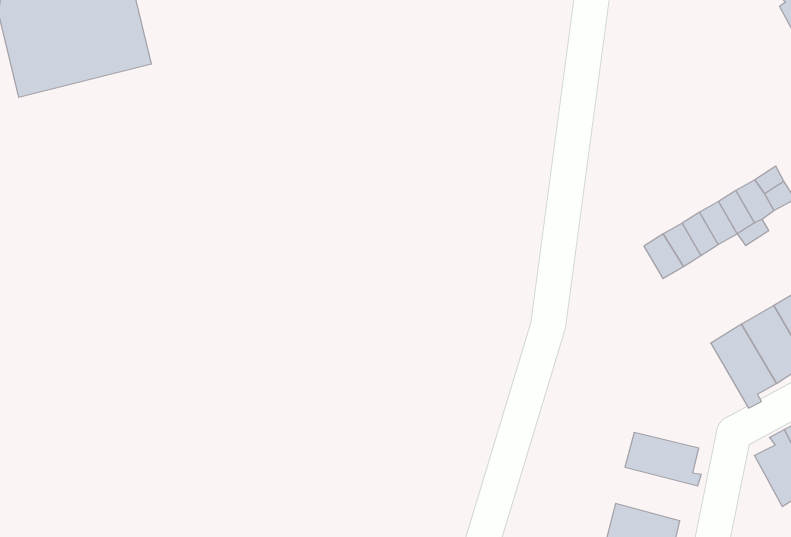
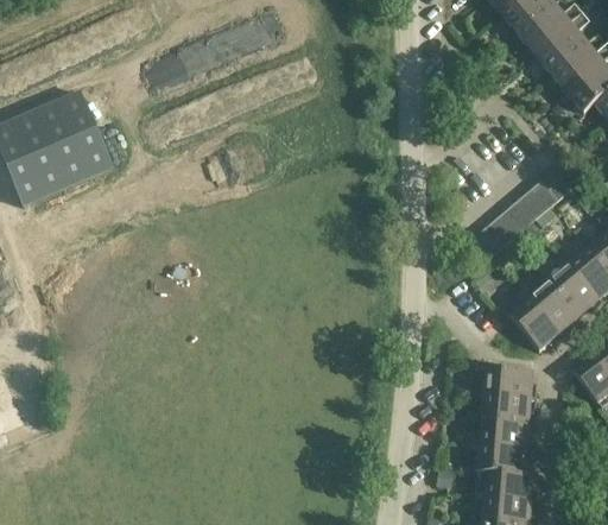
building: none -> [509,297,563,349]
building: none -> [482,392,537,423]

